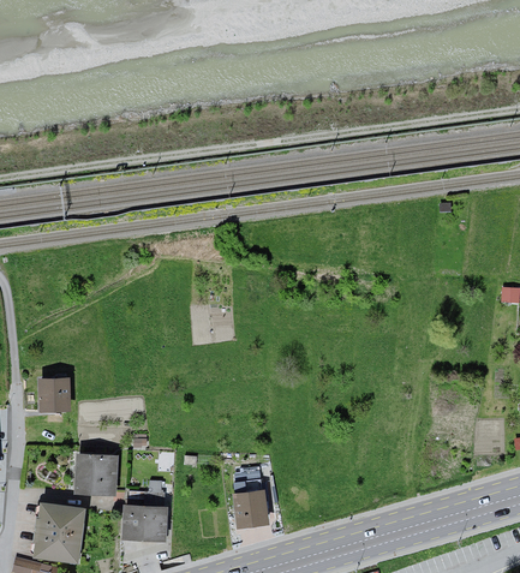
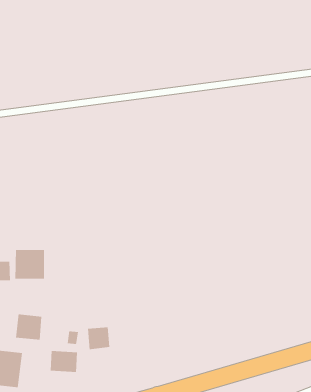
building: none -> [15,249,45,279]
building: [235,495,268,527] -> [87,327,110,350]

